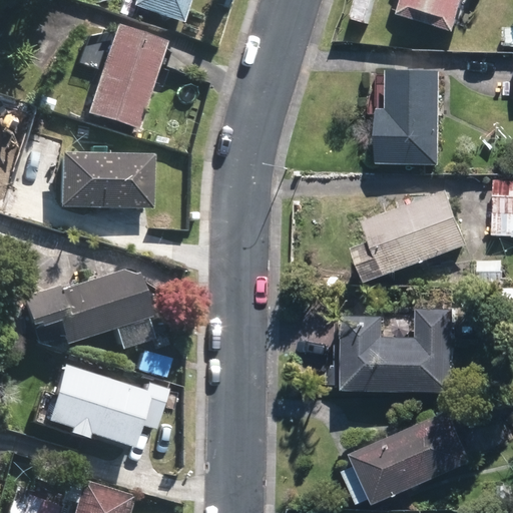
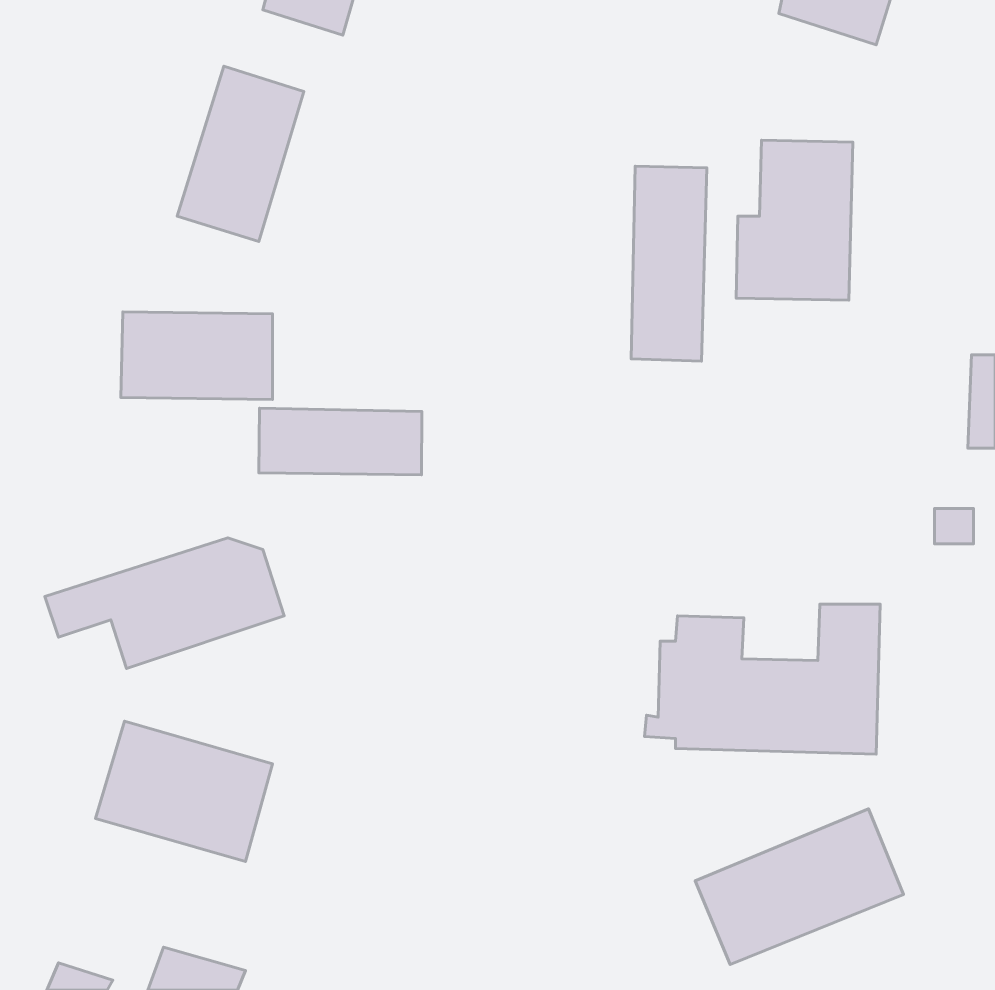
building: none -> [631,166,707,361]
building: [359,196,464,278] -> none
building: none -> [259,408,422,475]

